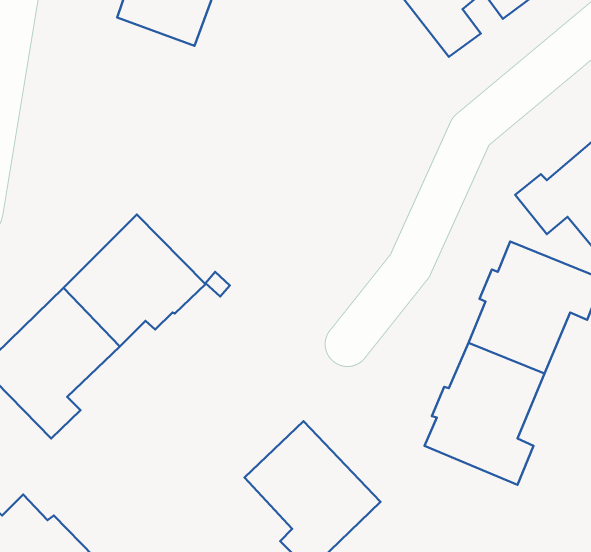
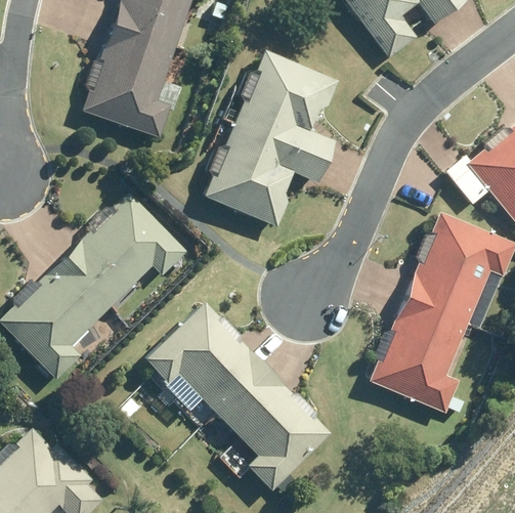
building: none -> [81,25,180,138]
building: none -> [204,52,338,232]
building: none -> [142,297,267,410]

